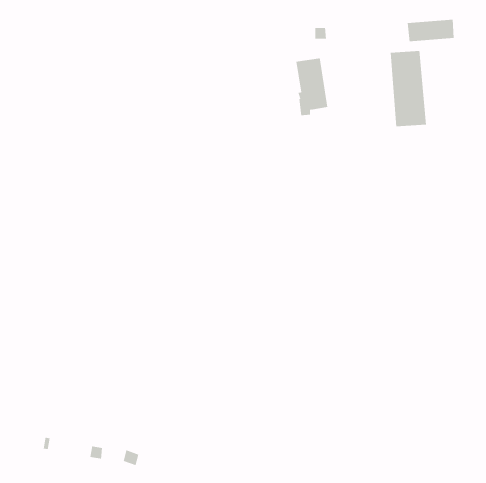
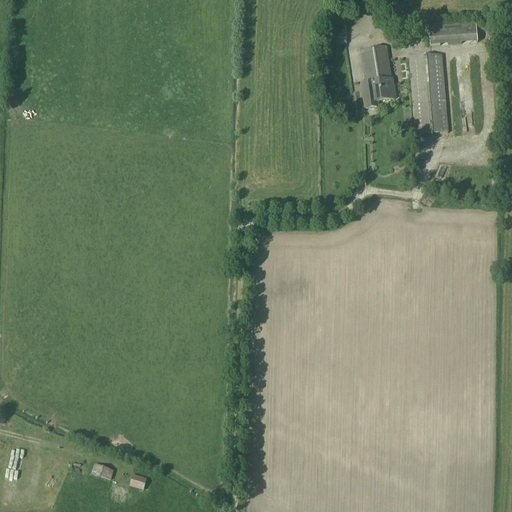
building: [296,58,328,116] -> [361,45,395,106]

